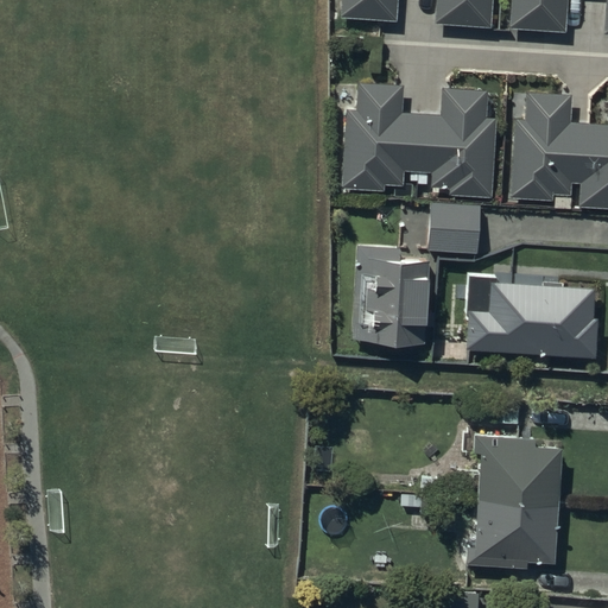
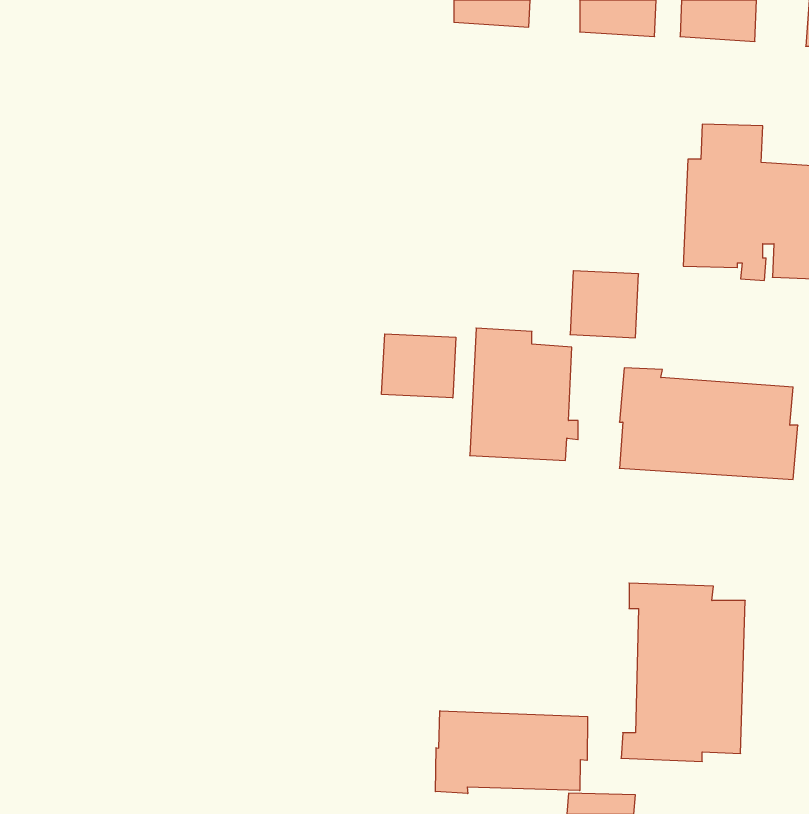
building: [343,83,496,196] -> none
building: none -> [382,334,456,398]
building: none -> [435,711,588,794]

